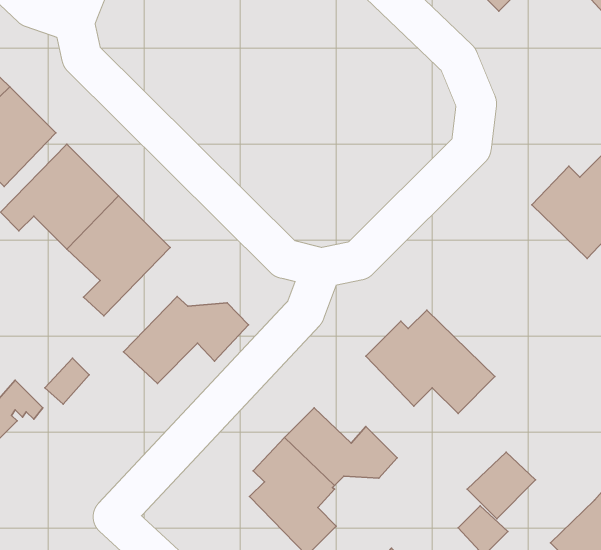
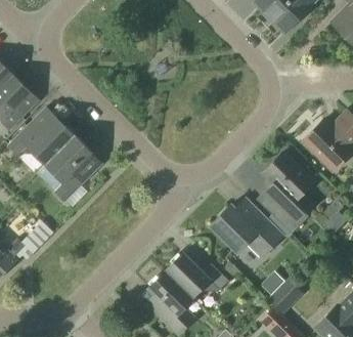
building: none -> [262,153,316,233]
building: [124,296,248,384] -> none

